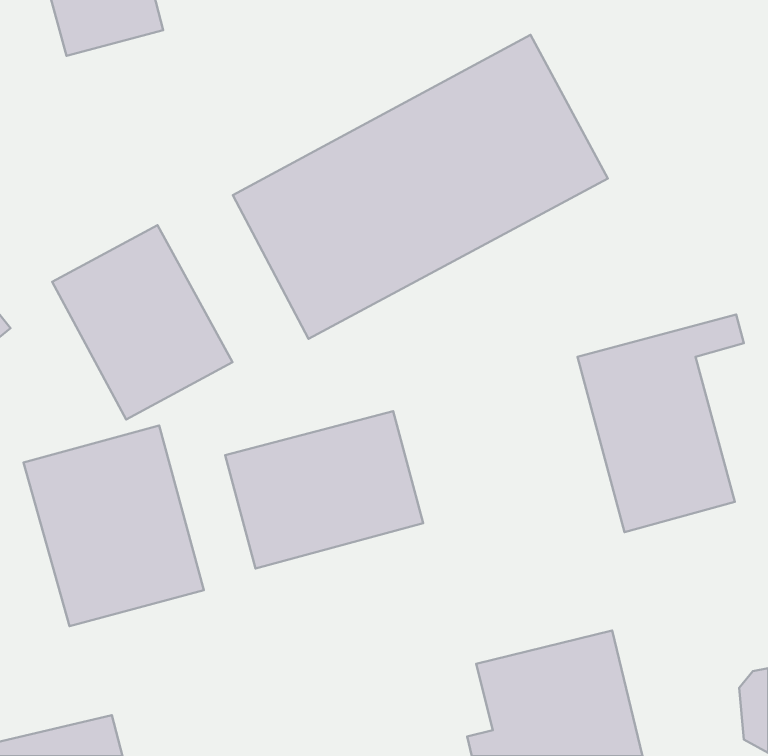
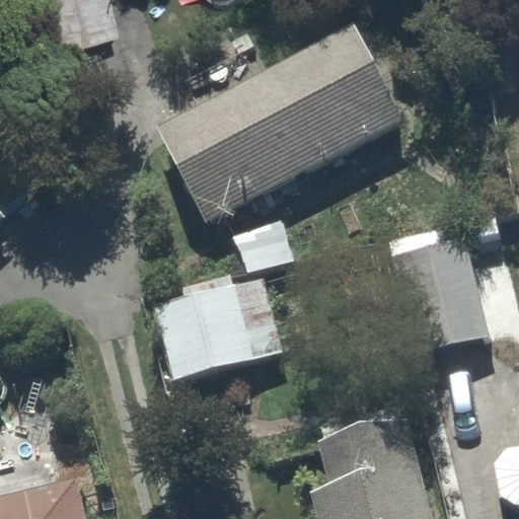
building: [52,225,233,420] -> none
building: [24,425,204,626] -> none

